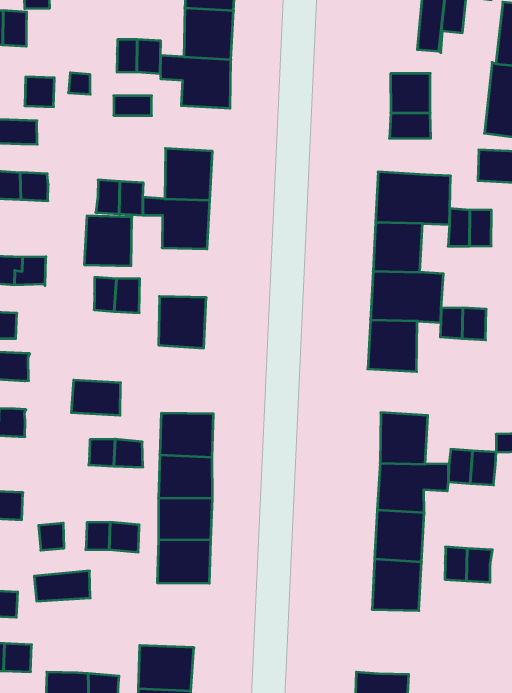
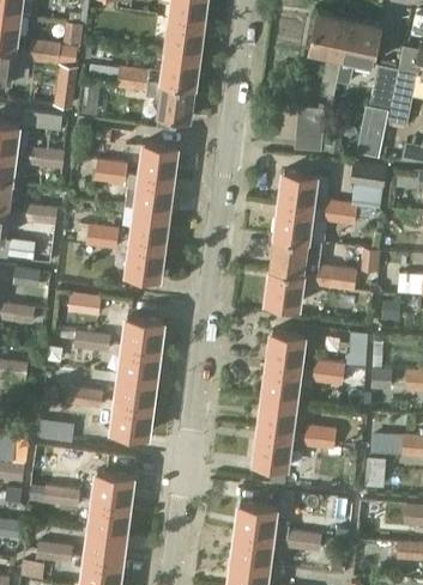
building: [84,216,132,266] -> [132,208,167,244]

